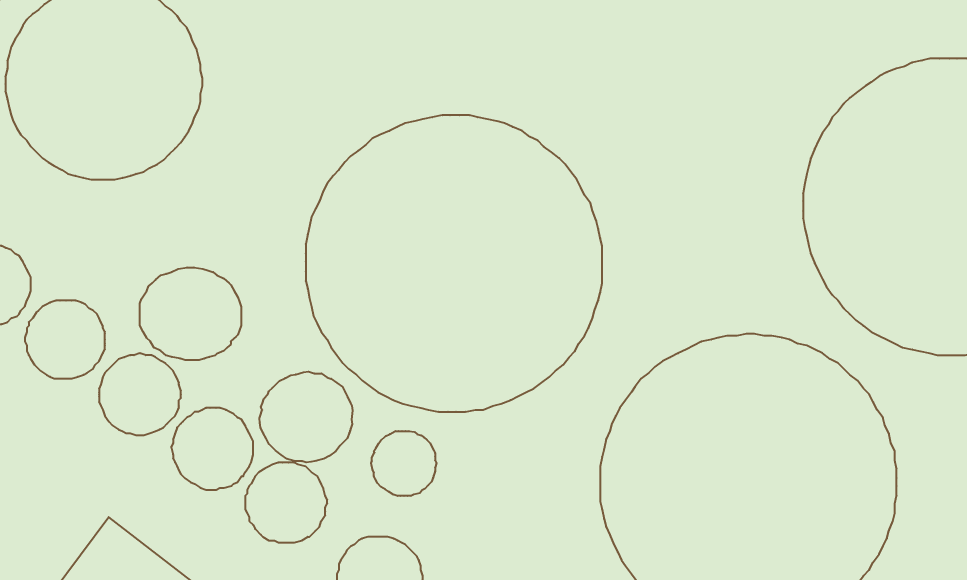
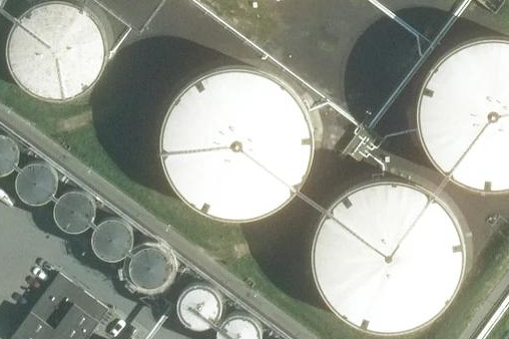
building: [140,267,241,360] -> none
building: [259,372,353,462] -> none
building: [371,431,436,496] -> none

